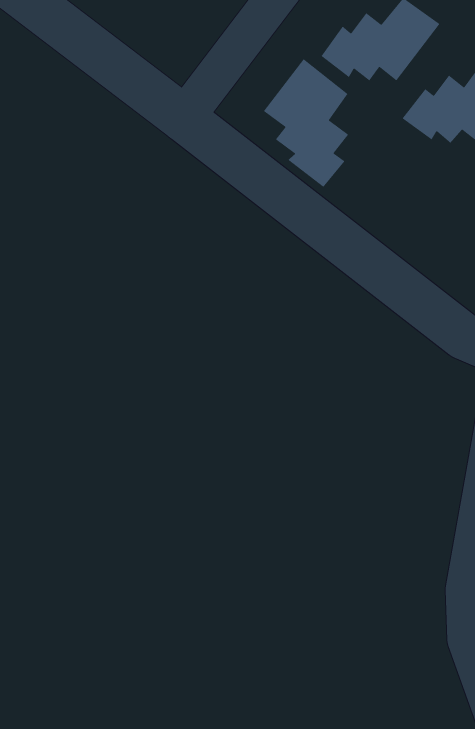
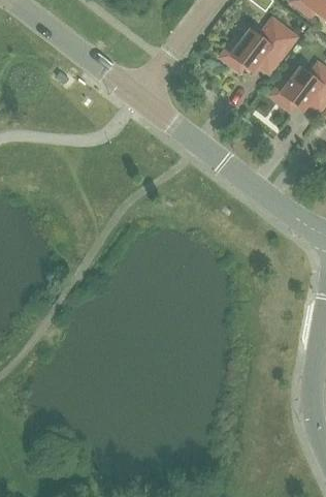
building: [263,58,349,188] -> none

